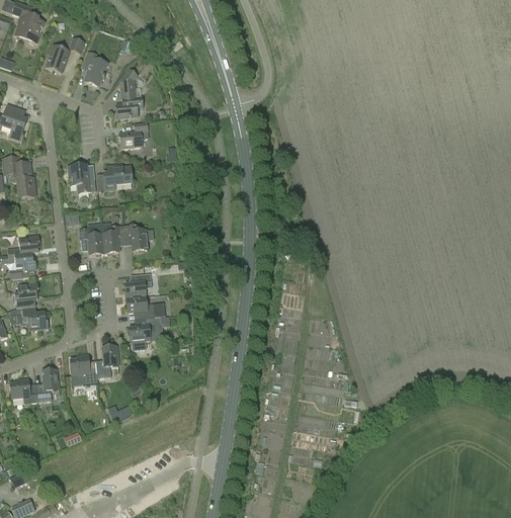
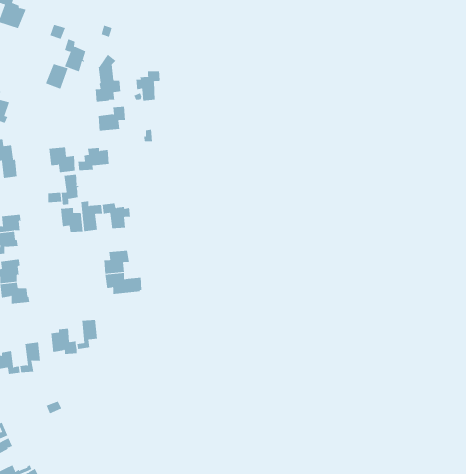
building: [45,46,69,73] -> [45,63,68,89]
building: none -> [136,70,160,102]
building: none -> [61,174,79,205]
building: [129,317,164,350] -> none

